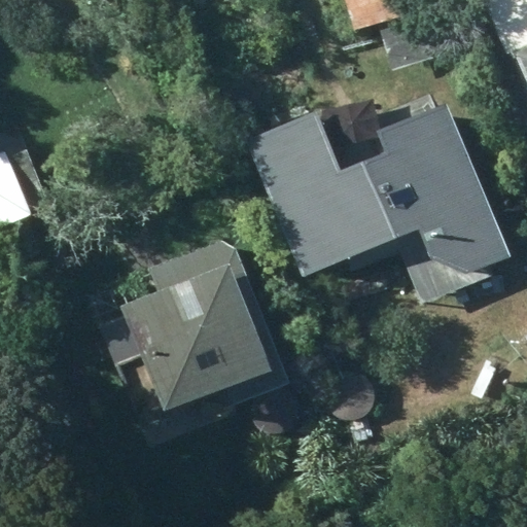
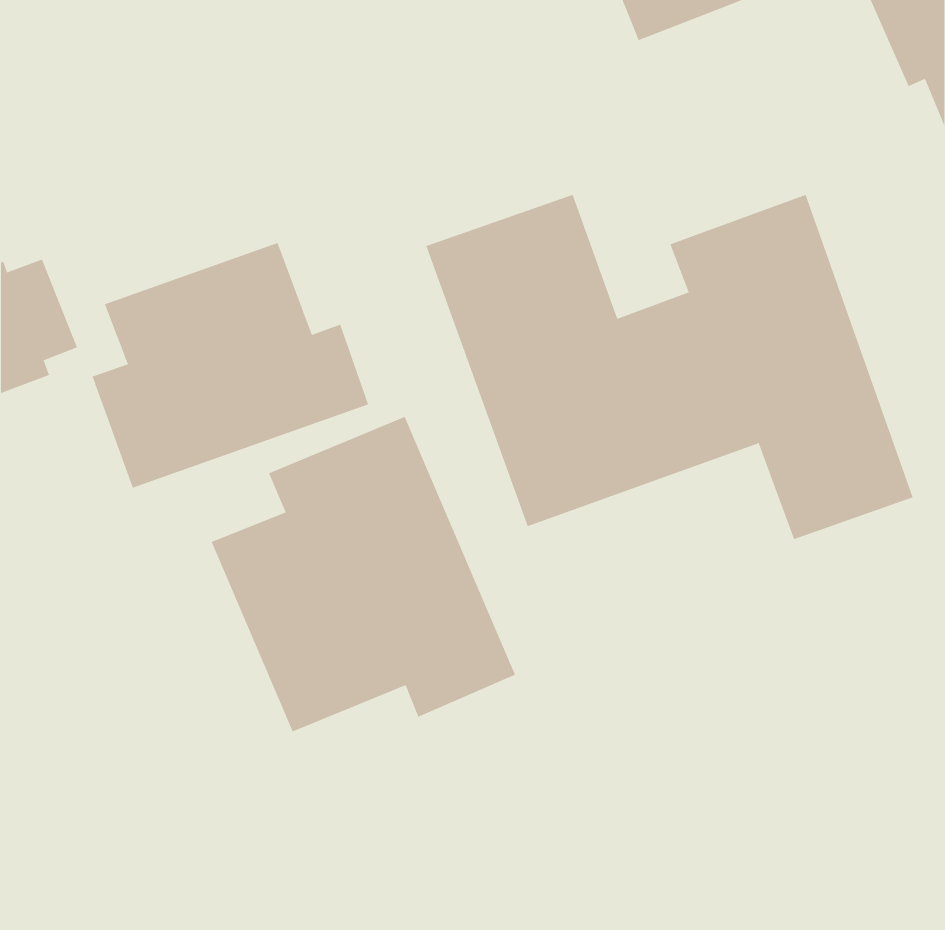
building: none -> [92,242,369,488]

